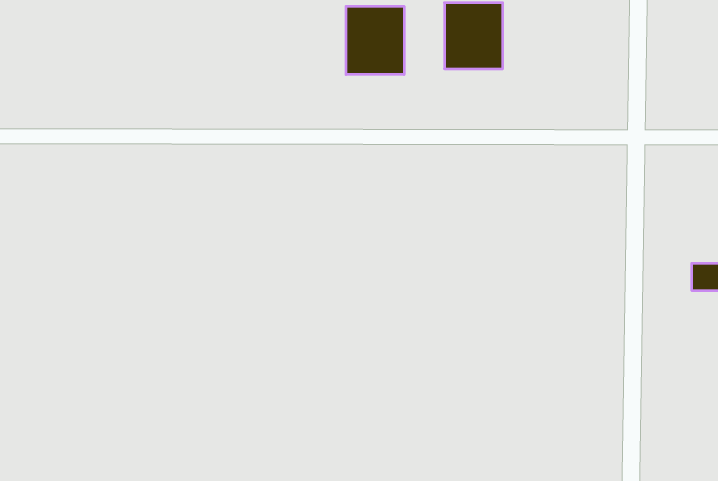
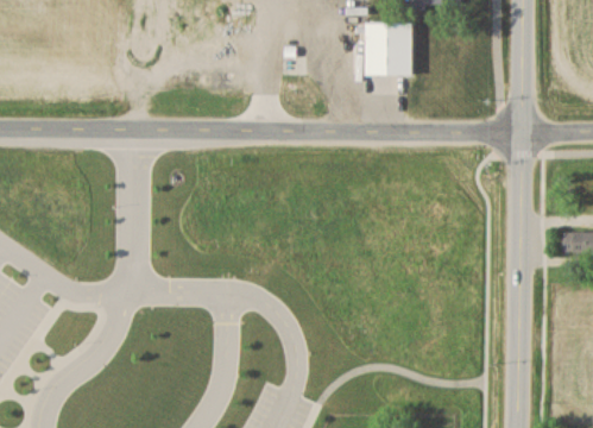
building: [346,6,404,75] -> none

